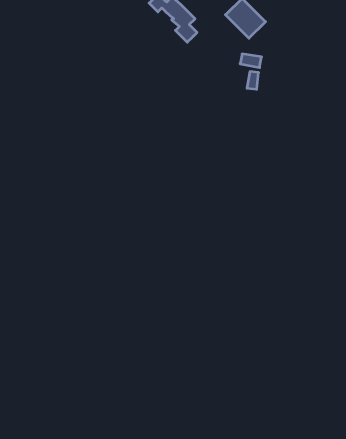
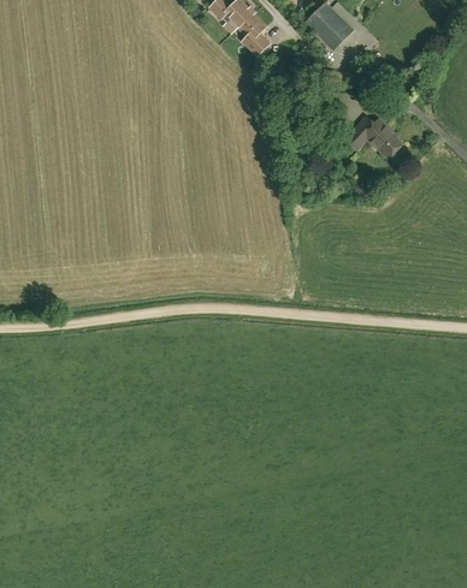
building: none -> [345,117,402,158]

